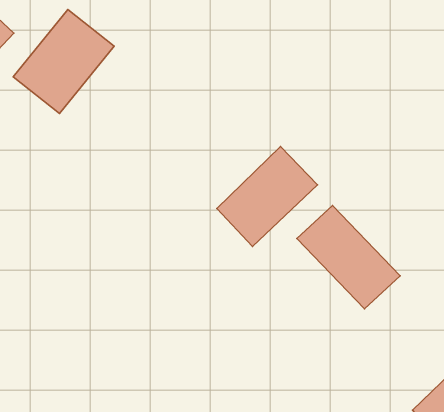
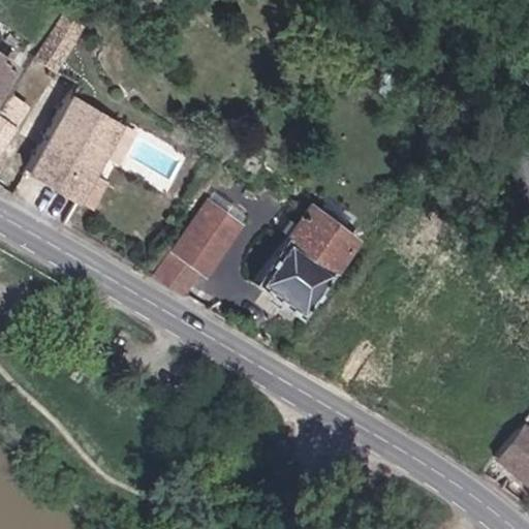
building: none -> [165,194,249,285]
building: [297,205,400,309] -> none

